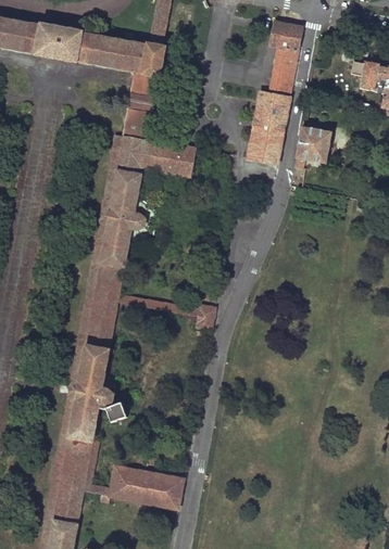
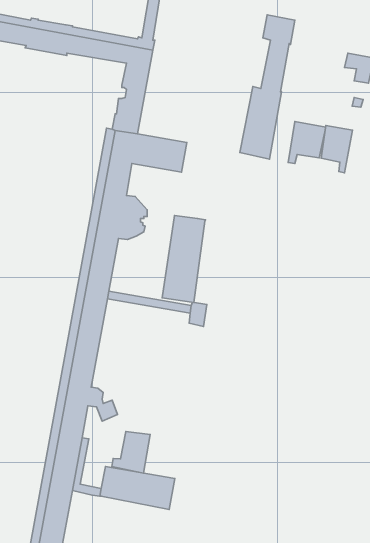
building: none -> [321,125,353,173]
building: none -> [162,216,205,302]
building: none -> [112,432,150,473]

